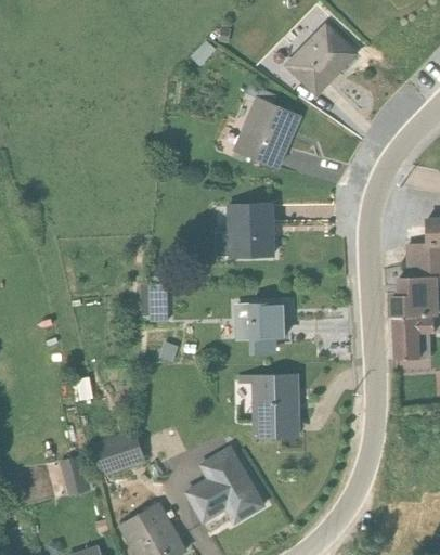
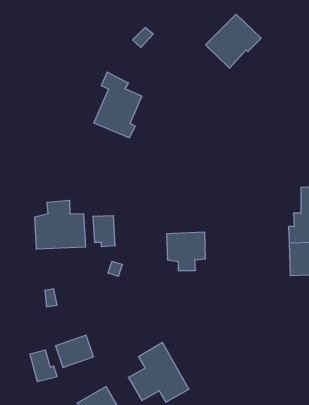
building: [233,80,296,166] -> [94,72,142,138]
building: [216,204,274,257] -> none
building: none -> [35,200,86,249]
building: [238,378,300,441] -> none

